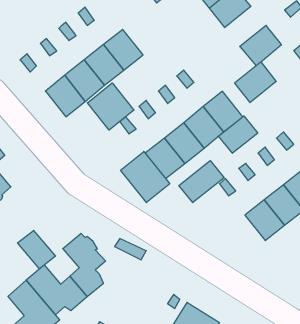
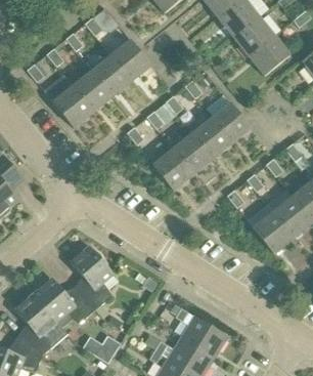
building: [235,62,276,103] -> [232,15,274,56]
building: [87,83,134,130] -> none
building: [218,116,258,153] -> none
building: [121,151,170,203] -> none
building: [179,161,224,203] -> none
building: [18,230,55,269] -> none

